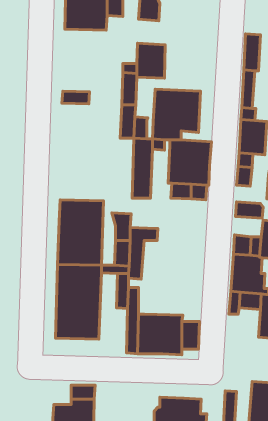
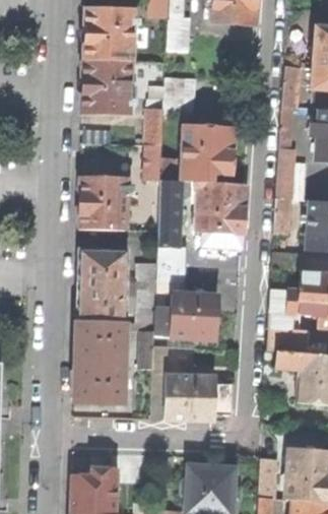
building: none -> [83,61,130,113]
building: none -> [79,178,126,230]
building: none -> [156,247,186,280]
building: none -> [169,294,218,338]

